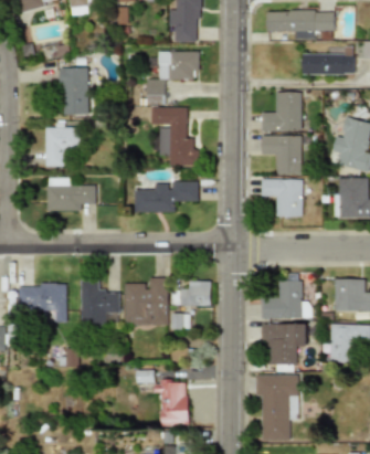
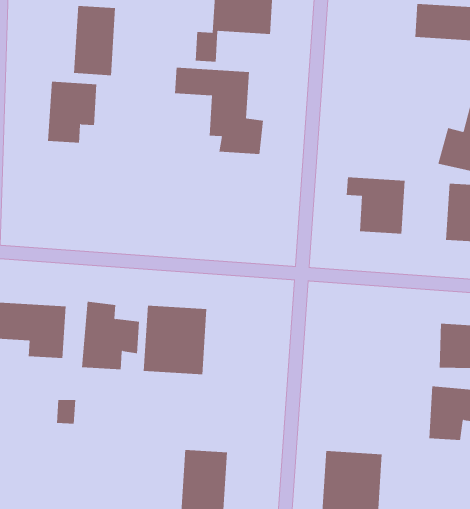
building: [261,92,303,130] -> none
building: [261,135,303,175] -> none
building: [45,178,96,211] -> none
building: [134,181,199,212] -> none
building: [260,279,305,318] -> none
building: [171,281,211,329] -> none
building: [260,323,307,366] -> none

